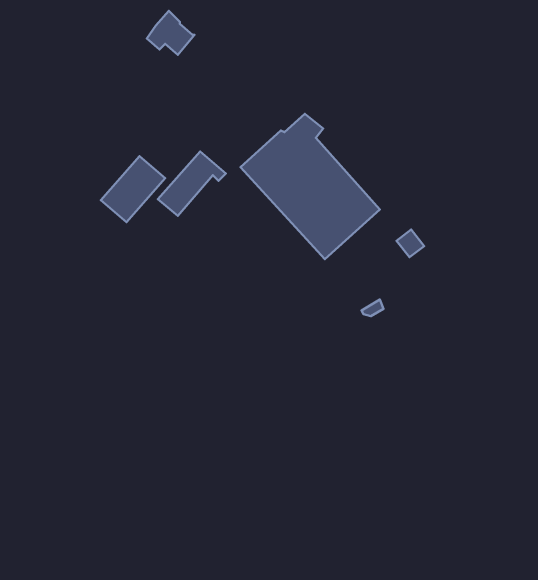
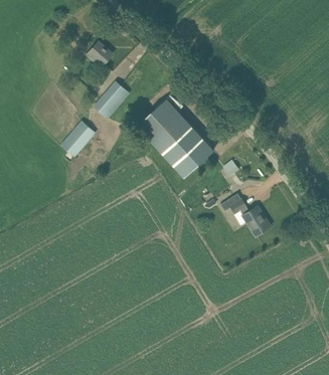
building: [158,151,226,216] -> [93,81,130,117]
building: none -> [220,194,269,236]

